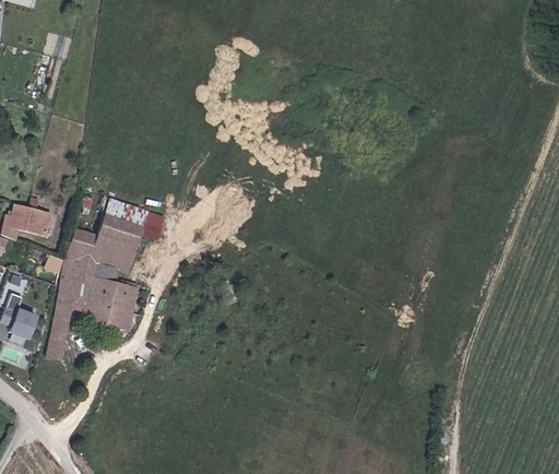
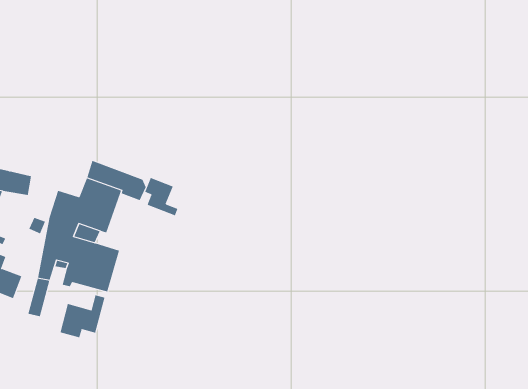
building: none -> [145,177,178,216]
building: none -> [60,294,105,338]

